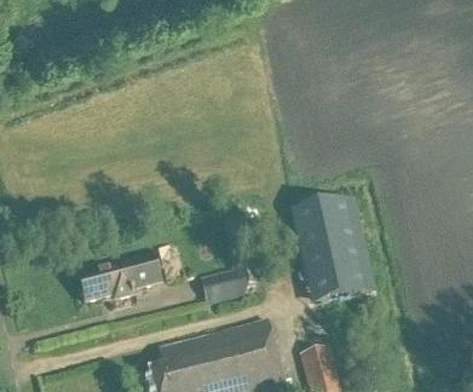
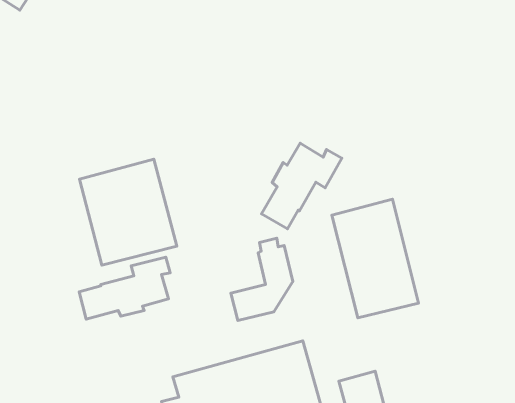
building: none -> [261,143,342,229]
building: none -> [80,159,177,265]

